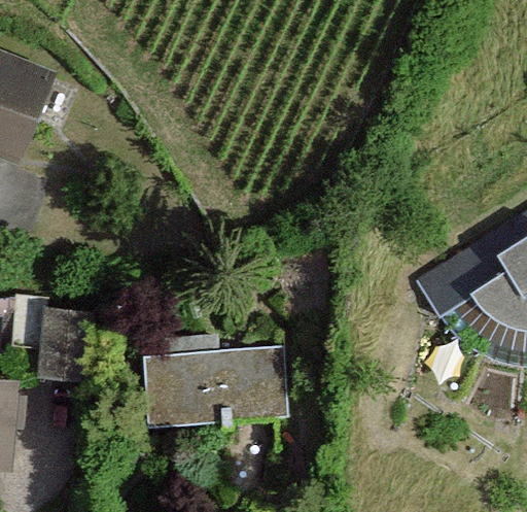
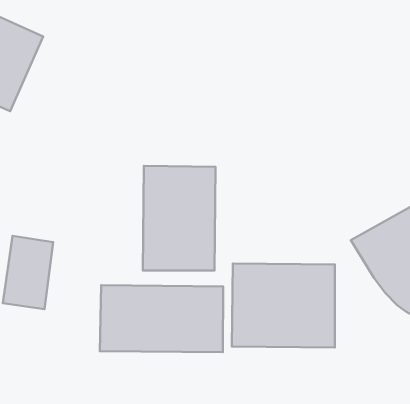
building: none -> [143,166,215,271]
building: none -> [232,264,335,348]

